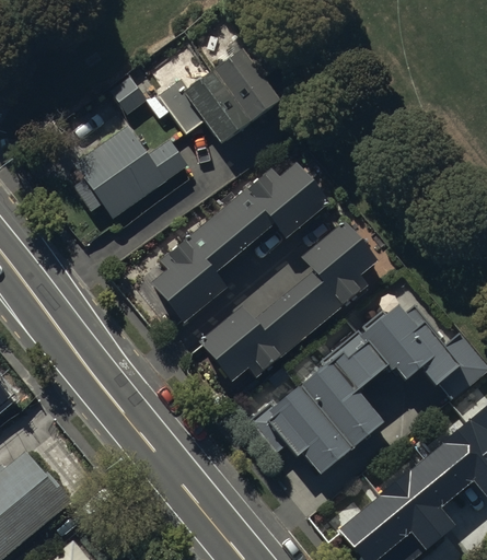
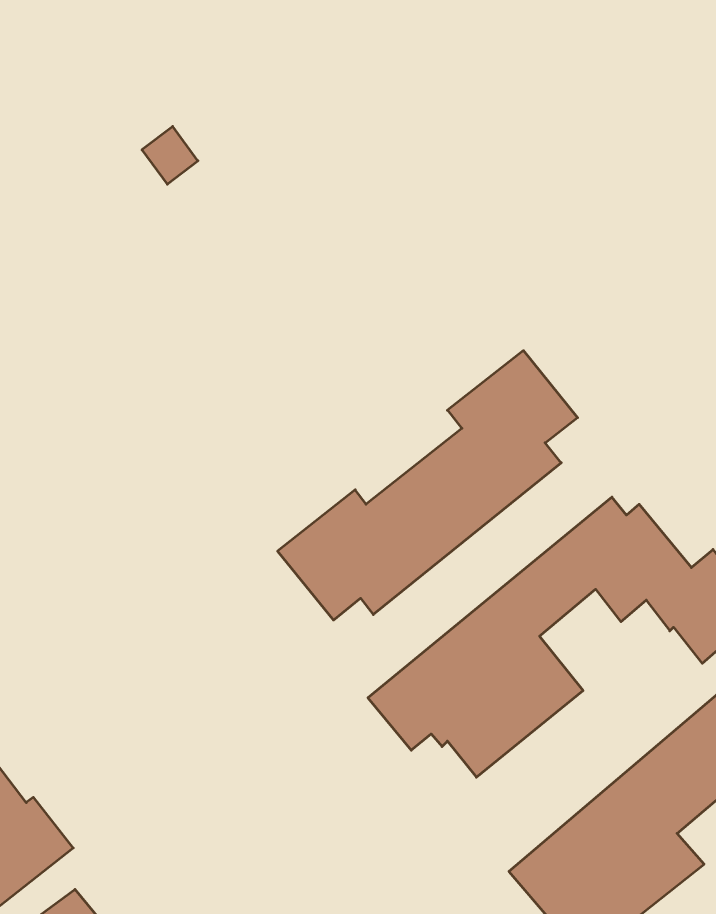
building: [162,48,280,150] -> none
building: [73,125,190,214] -> none
building: [151,158,332,319] -> none

